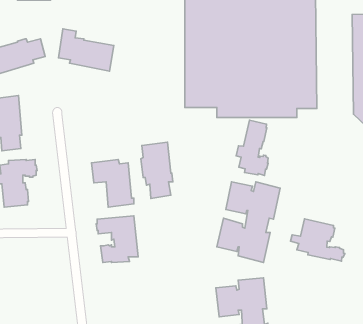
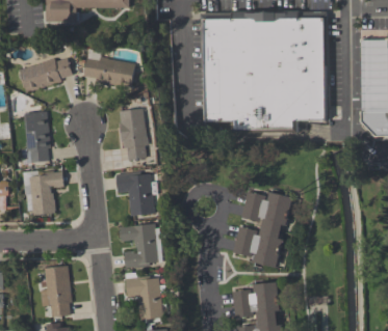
building: [236,120,268,175] -> none
building: [141,142,173,199] -> [119,108,149,161]
building: [290,219,345,261] -> none
building: none -> [41,266,72,318]
building: none -> [125,272,166,321]

